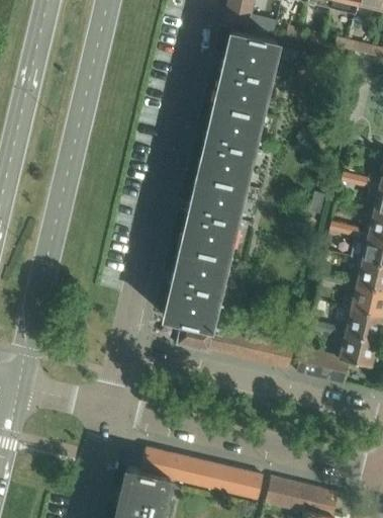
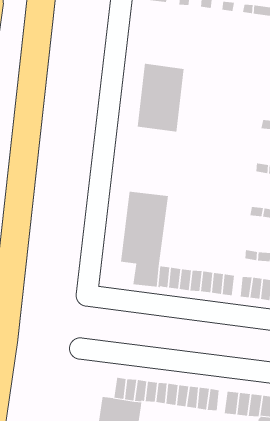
building: [217,30,278,103] -> none
building: [184,164,247,247] -> none

